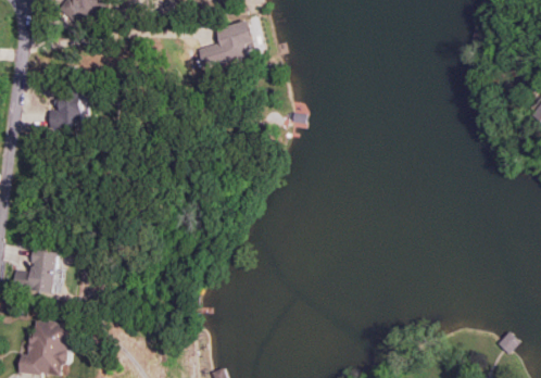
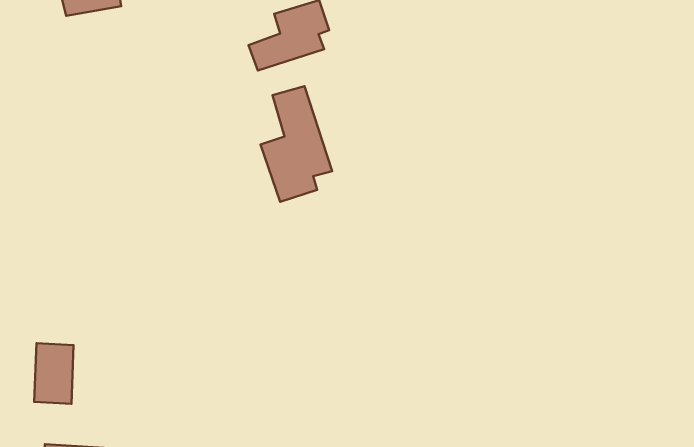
building: none -> [261,86,332,202]
building: [48,91,81,126] -> none

